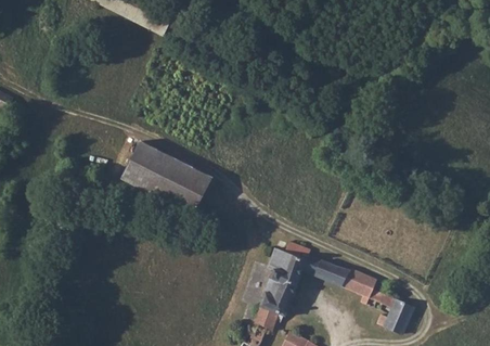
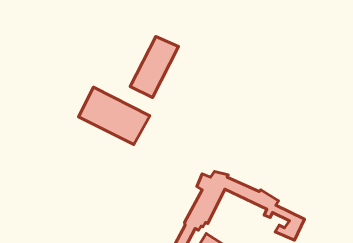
building: none -> [130,36,178,98]

